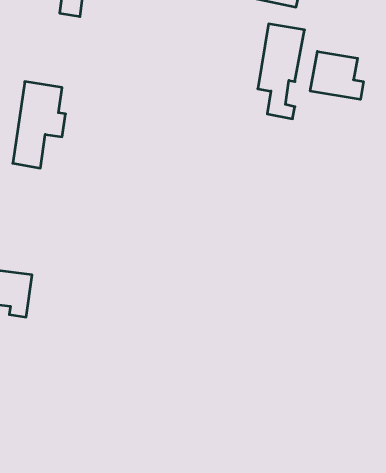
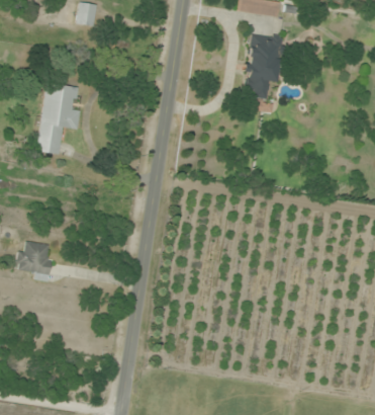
building: [310,51,363,99] -> none

